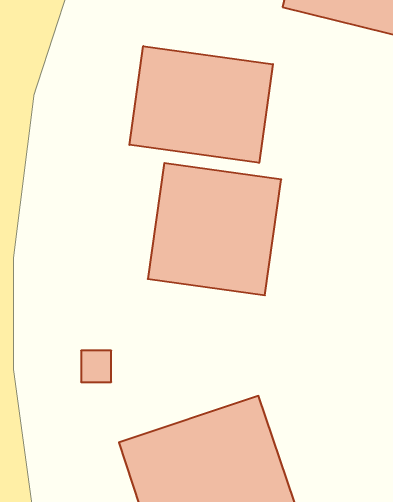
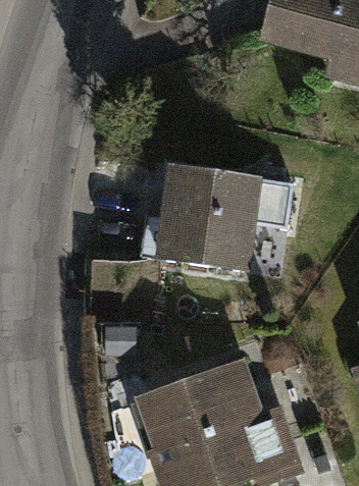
building: [129,46,273,163] -> none

